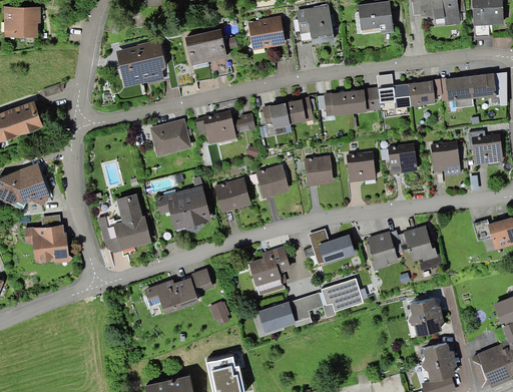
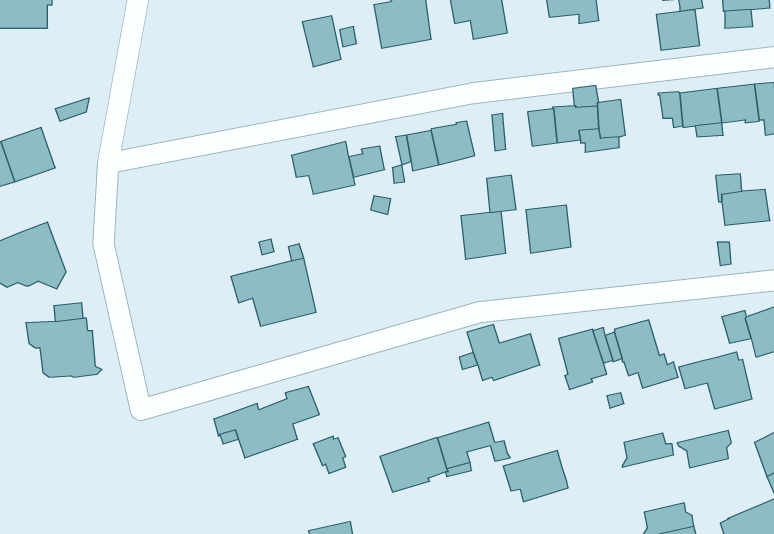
building: [184,33,208,66] -> none
building: [115,39,165,87] -> none
building: [407,80,435,106] -> [656,10,700,50]
building: [331,91,350,115] -> [487,175,516,213]
building: [148,118,191,156] -> none
building: [430,141,460,176] -> none
building: [387,143,417,174] -> none
building: [254,164,289,199] -> none
building: [213,178,250,213] -> none
building: [97,193,151,253] -> none
building: [248,246,291,296] -> none
building: none -> [679,352,752,409]
building: [321,279,363,312] -> [503,450,568,502]
building: [408,313,443,337] -> [677,430,731,468]

